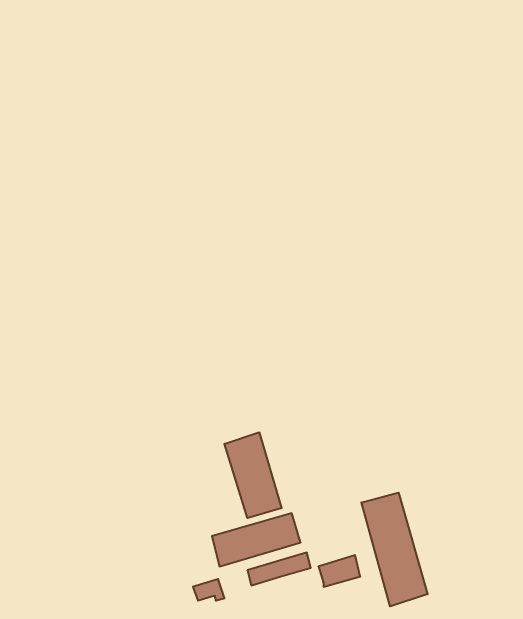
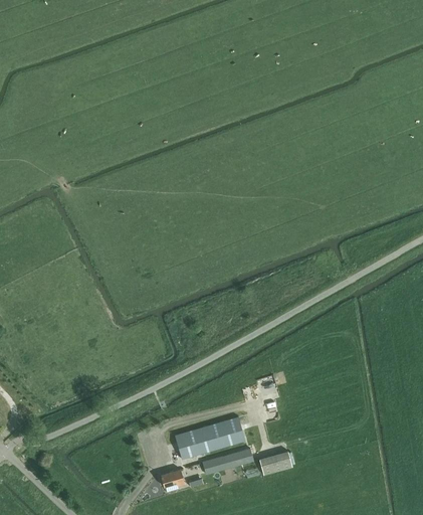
building: [224,432,282,518] -> none
building: [361,493,428,606] -> none

